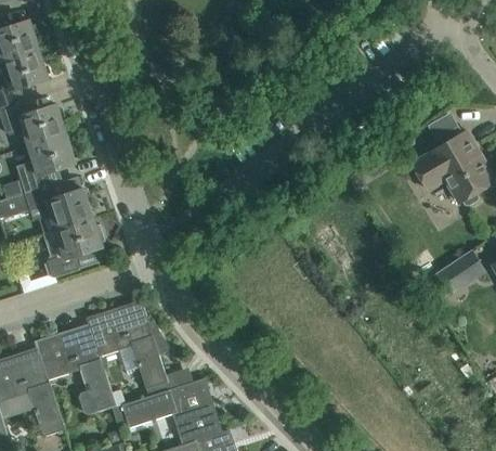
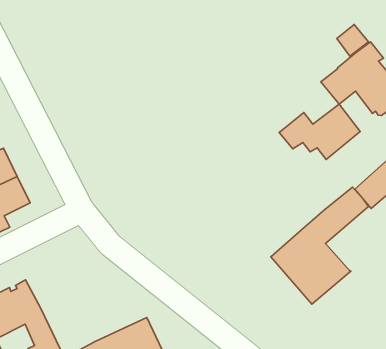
building: none -> [279,104,360,160]
building: none -> [271,187,368,304]
building: [84,300,169,396] -> none

